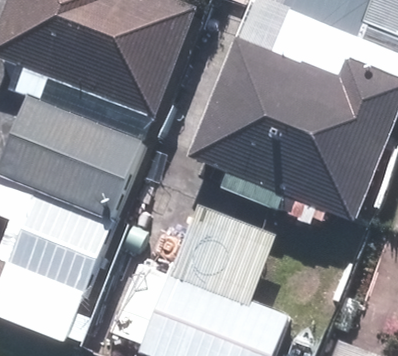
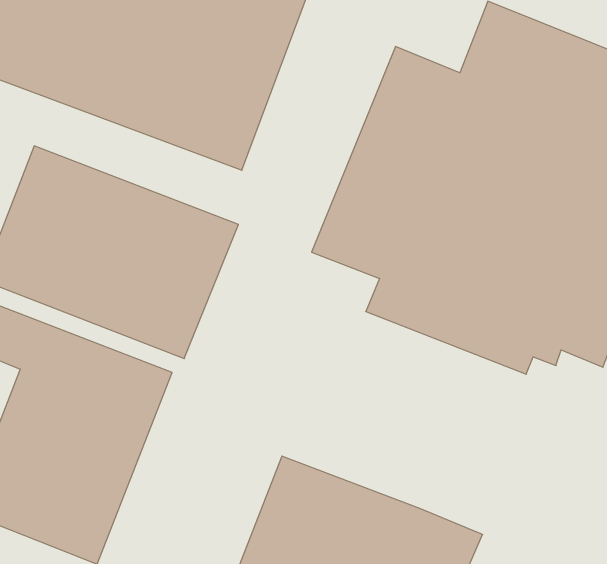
building: [171,207,275,302] -> none

